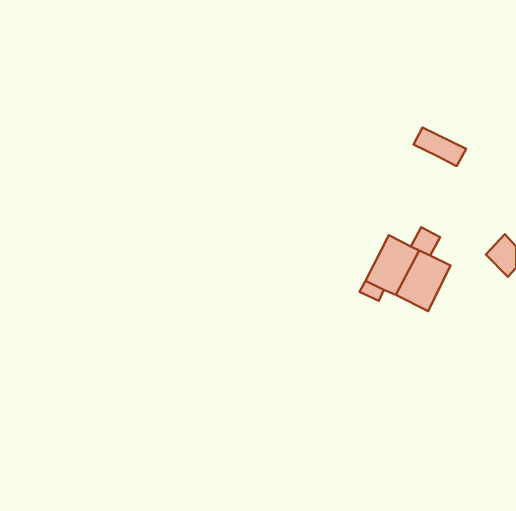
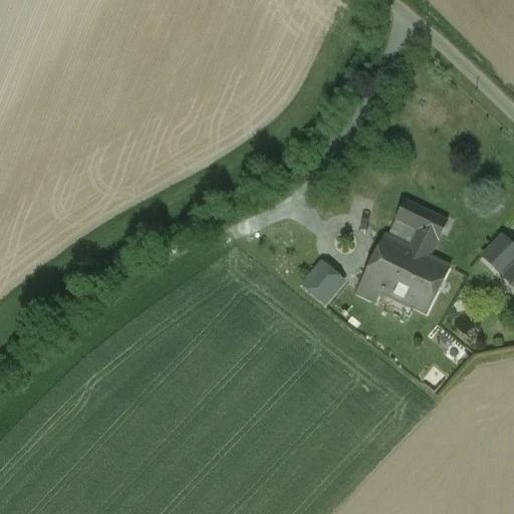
building: [414,127,466,166] -> [396,198,448,236]
building: none -> [303,263,343,305]

